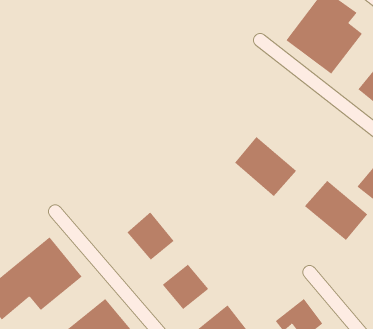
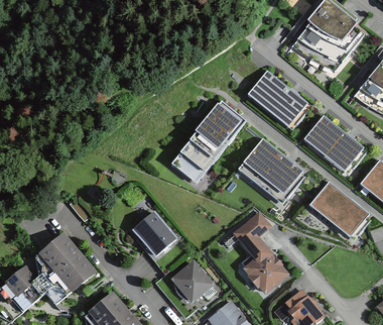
building: none -> [245,70,305,127]
building: none -> [169,101,243,183]
building: none -> [300,114,361,172]
building: none -> [231,212,286,293]

